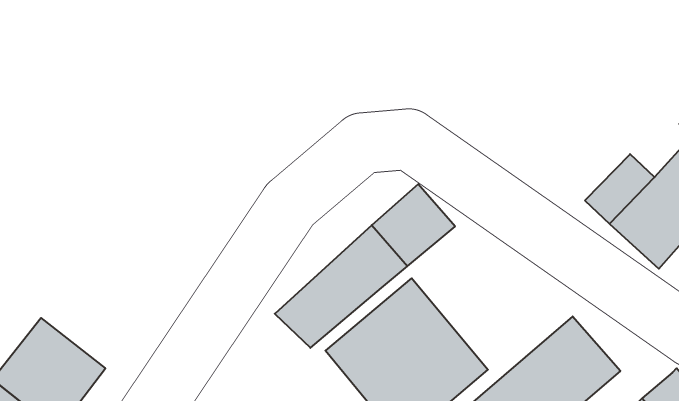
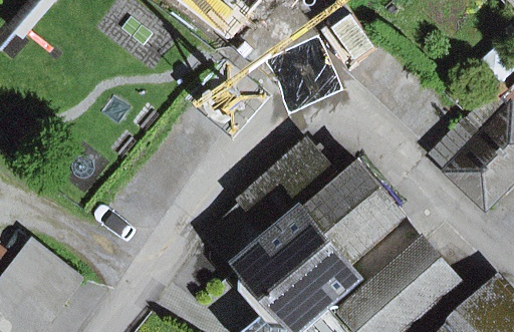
building: none -> [309,163,404,258]

